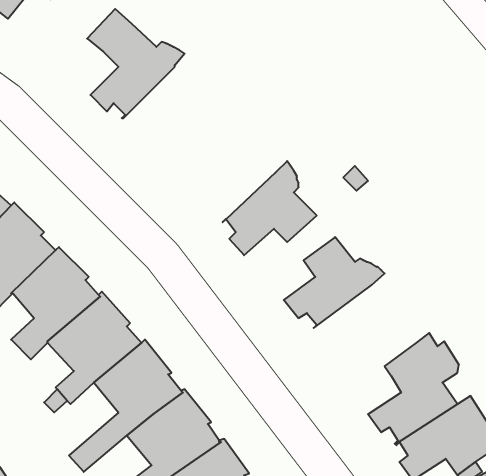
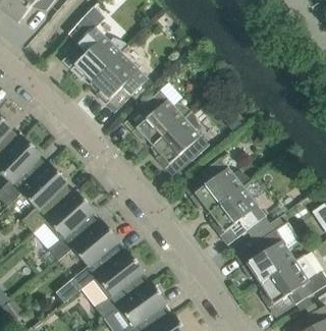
building: none -> [91,53,155,105]
building: none -> [132,91,192,149]
building: none -> [208,187,271,237]

